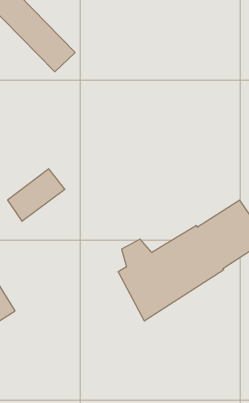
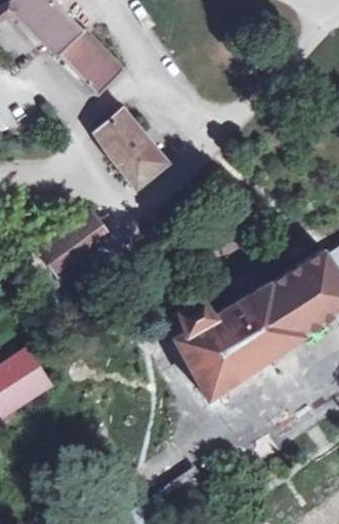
building: none -> [96,111,168,189]

